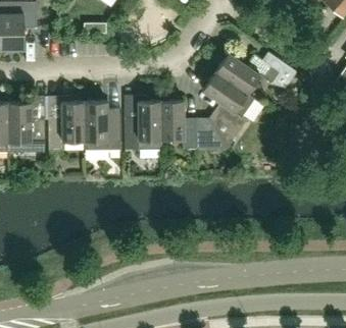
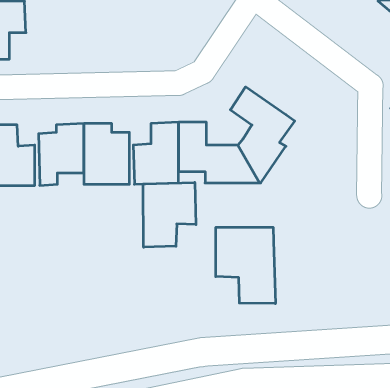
building: [214,52,296,94] -> none
building: none -> [143,182,196,247]
building: none -> [216,227,275,304]

